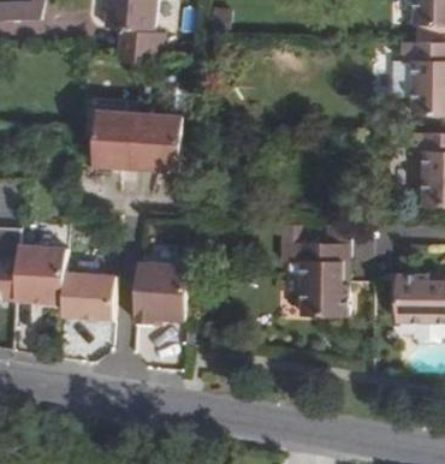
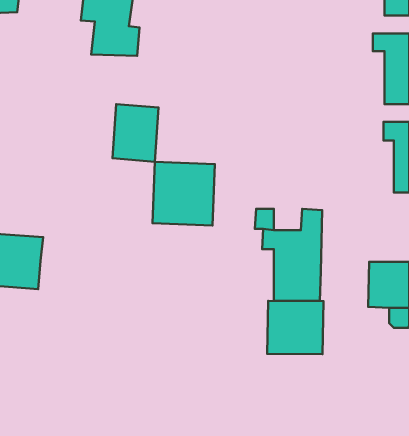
building: [90,112,138,169] -> none
building: [133,258,197,323] -> [153,162,215,225]
building: [59,274,113,321] -> none
building: none -> [267,301,323,354]

